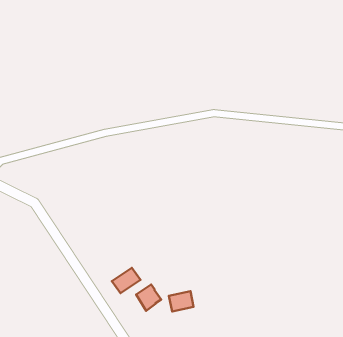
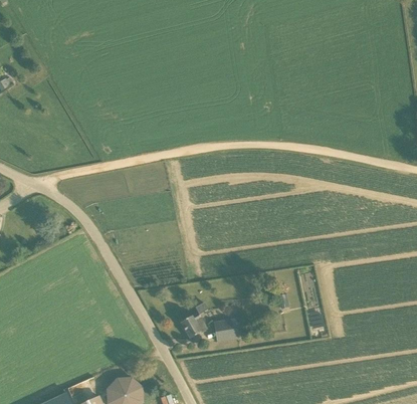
building: [112,268,140,293] -> none

